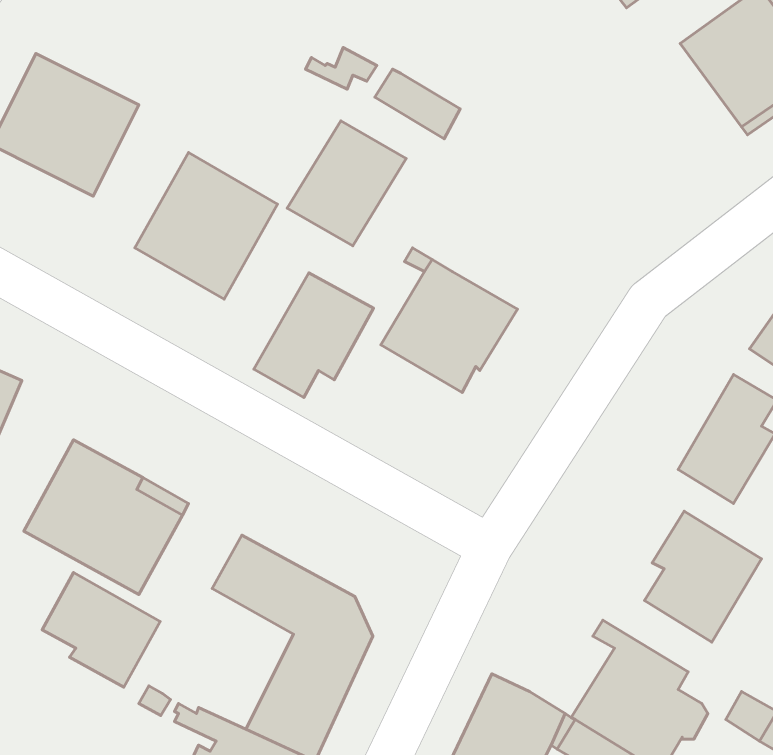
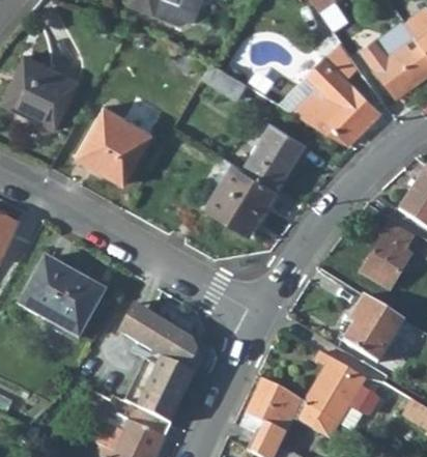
building: none -> [293,40,379,145]
building: [287,121,406,246] -> [243,122,305,188]
building: [254,273,373,397] -> none
building: [42,572,160,687] -> none

